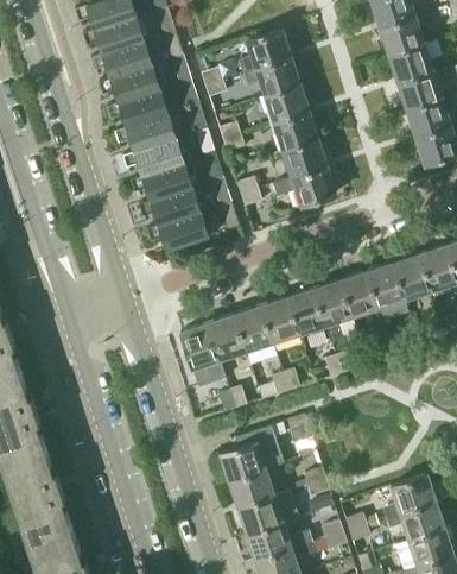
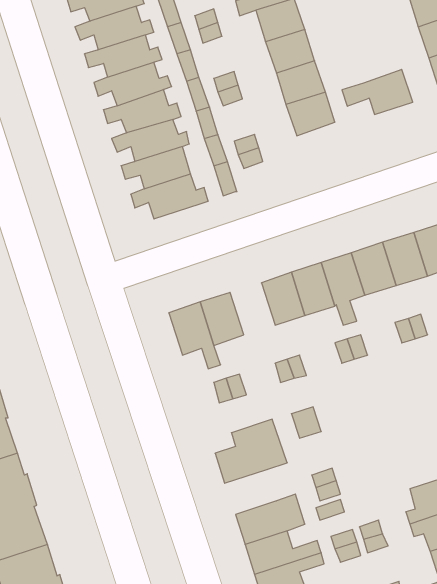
building: [273,166,335,206] -> [342,69,413,114]
building: [234,307,273,352] -> none
building: [229,469,274,509] -> none

